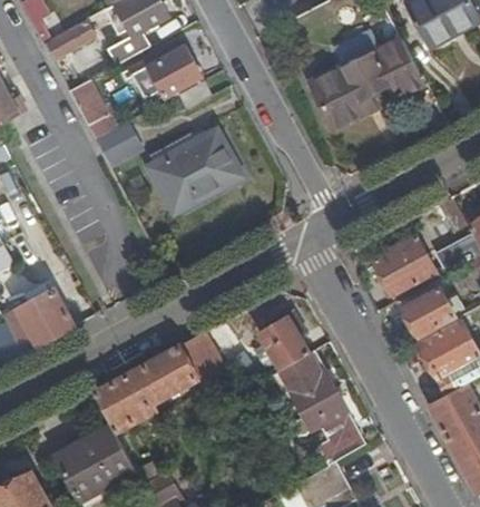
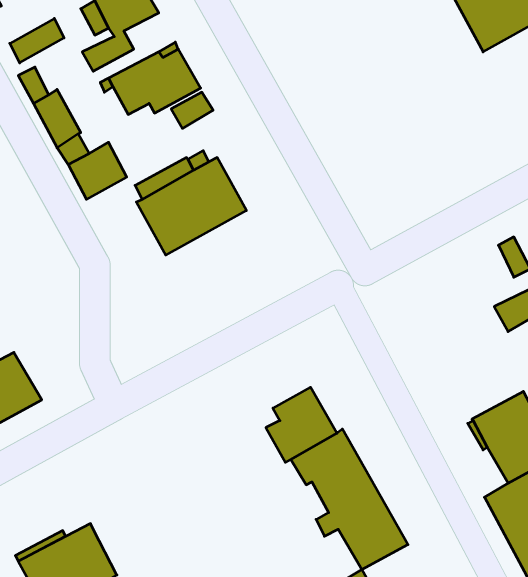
building: [310,30,425,129] -> none
building: [374,235,437,294] -> none
building: [404,285,457,334] -> none
building: [95,331,231,430] -> none

